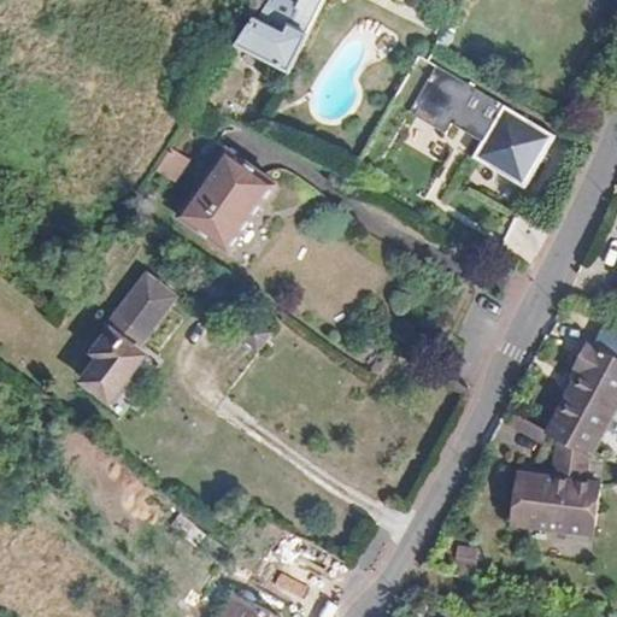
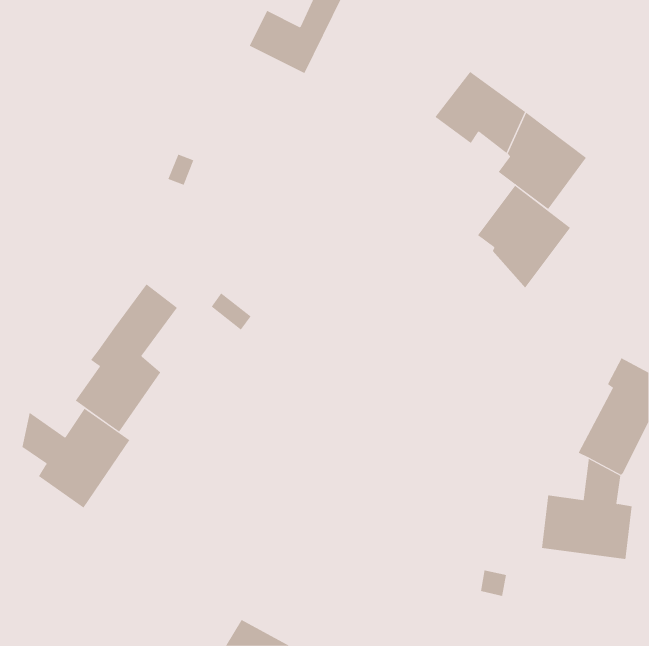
building: [171,145,269,247] -> none
building: none -> [477,185,571,288]
building: none -> [22,408,130,508]

